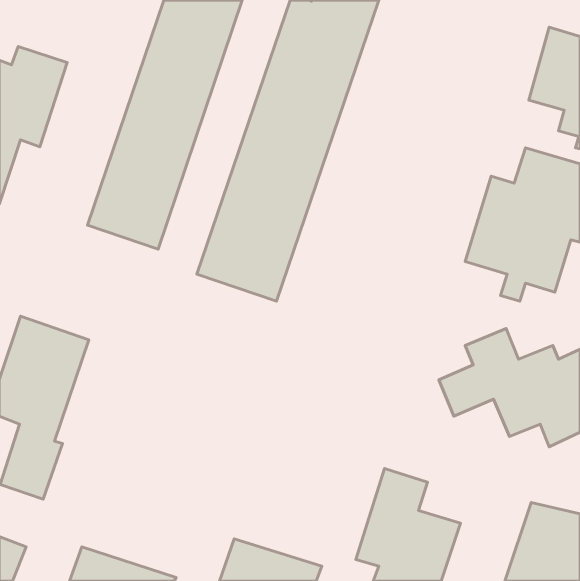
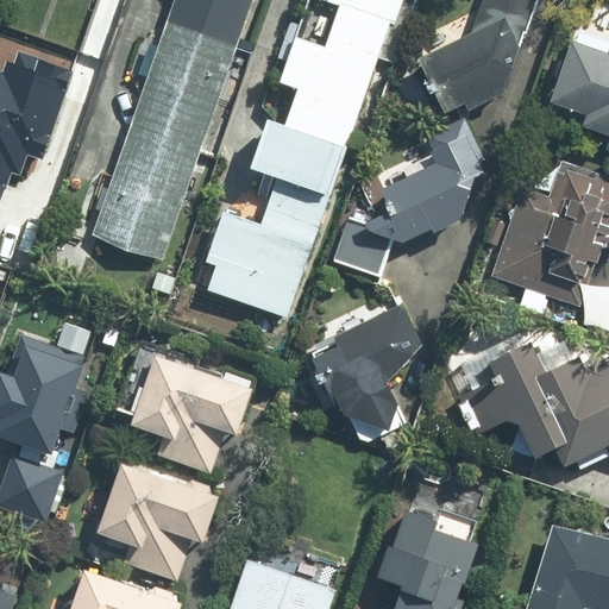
building: none -> [339,19,522,281]
building: none -> [312,306,422,447]
building: none -> [130,344,258,478]
building: none -> [93,459,221,594]

